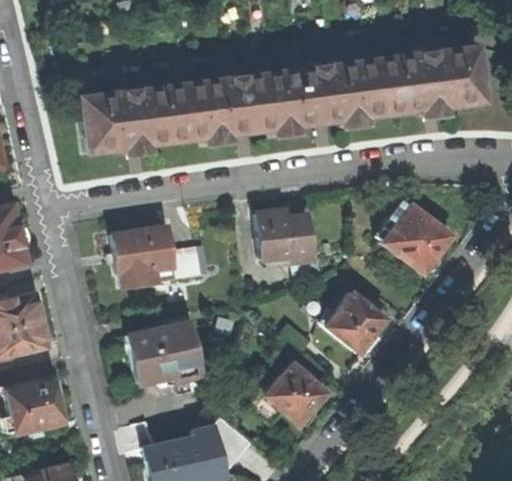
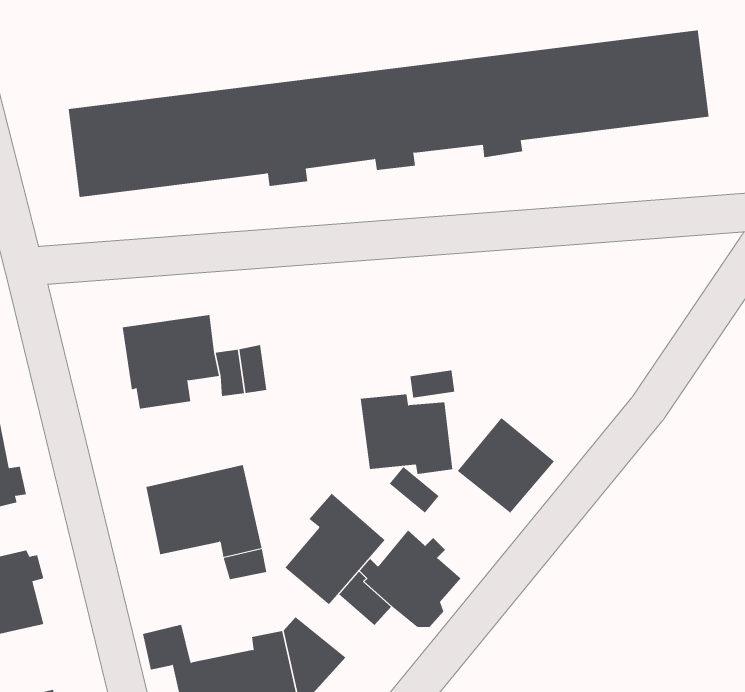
building: [379,204,452,273] -> none
building: [256,211,315,262] -> [360,394,453,474]
building: none -> [285,493,385,605]

